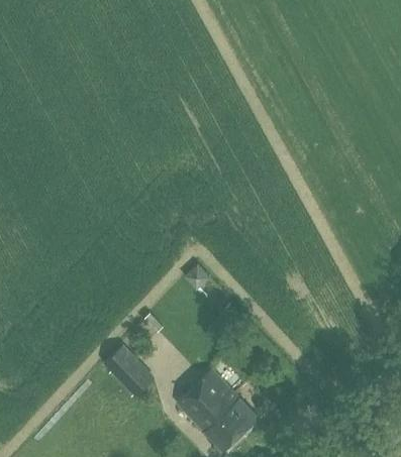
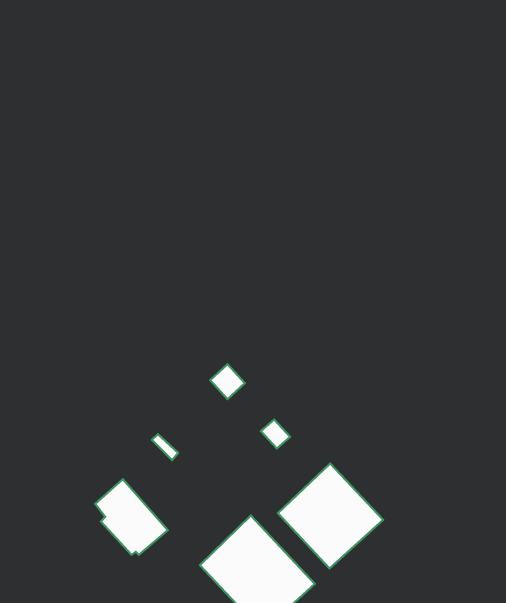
building: none -> [278,463,383,569]

